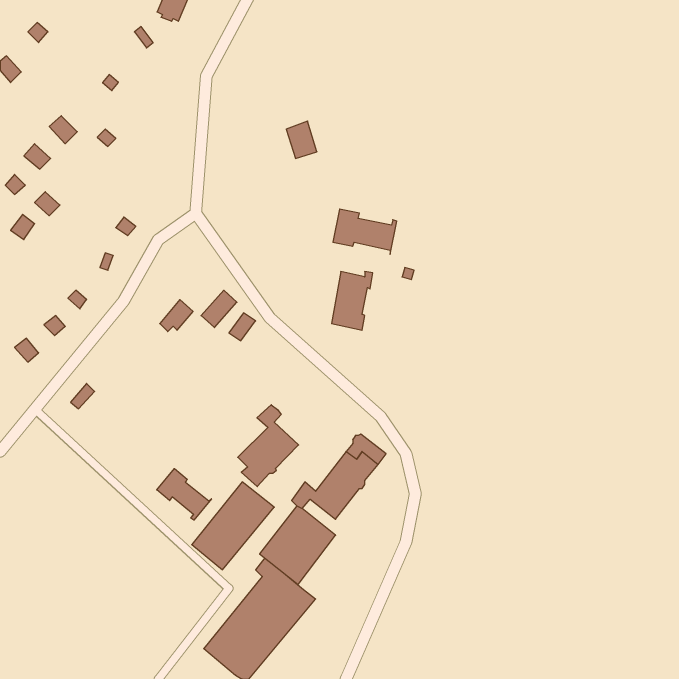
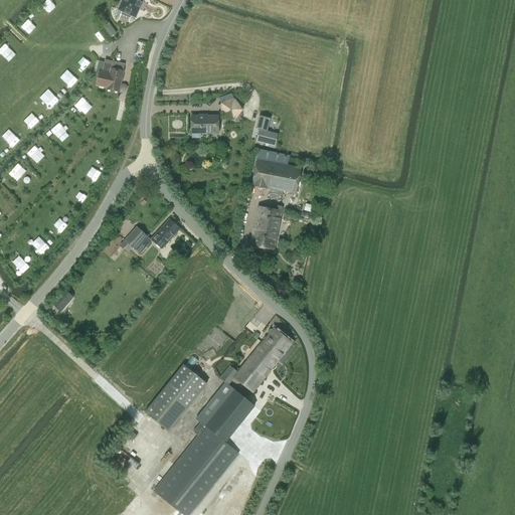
building: none -> [97,60,125,92]
building: none -> [256,115,279,146]
building: none -> [192,116,218,137]
building: [238,405,299,487] -> none
building: [157,469,211,520] -> none

